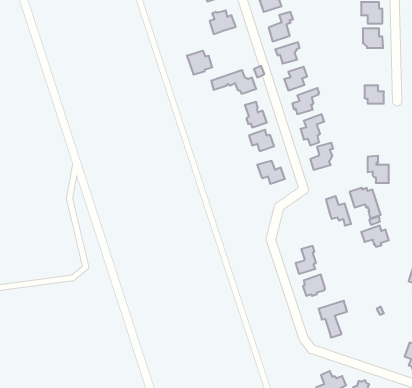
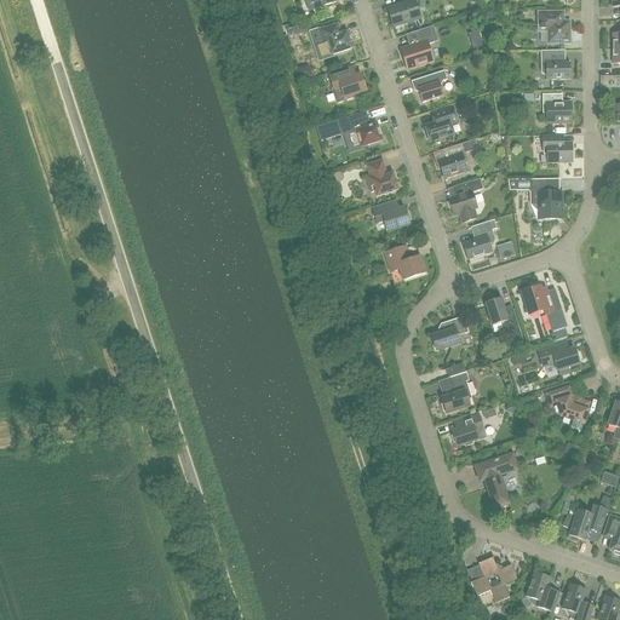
building: [187,51,212,75] -> [328,65,366,101]
building: none -> [542,92,570,121]
building: [368,156,389,183] -> [530,177,562,217]
building: none -> [431,315,469,349]
building: none -> [545,384,589,432]
building: none -> [562,504,608,540]

